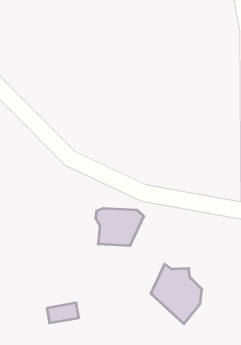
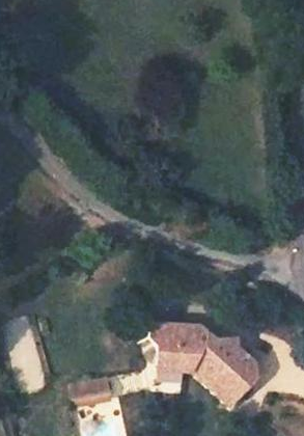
building: [95,208,144,246] -> [154,325,212,370]

